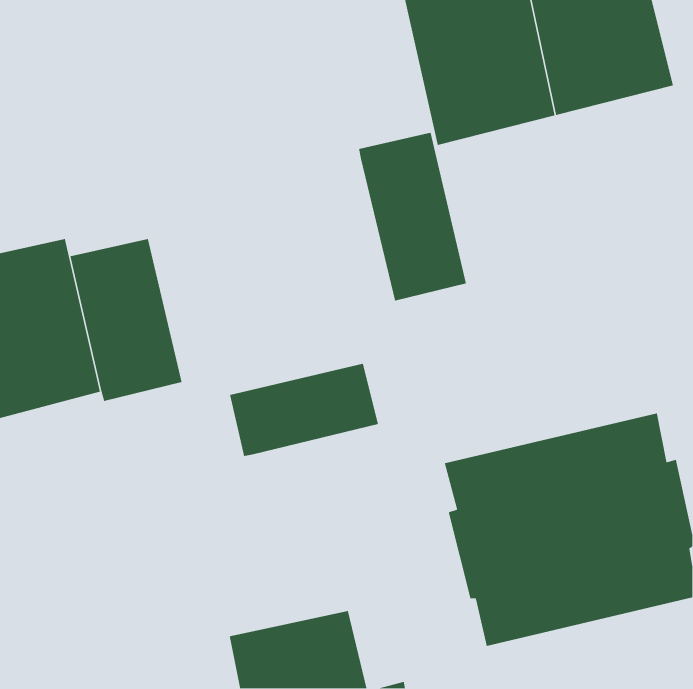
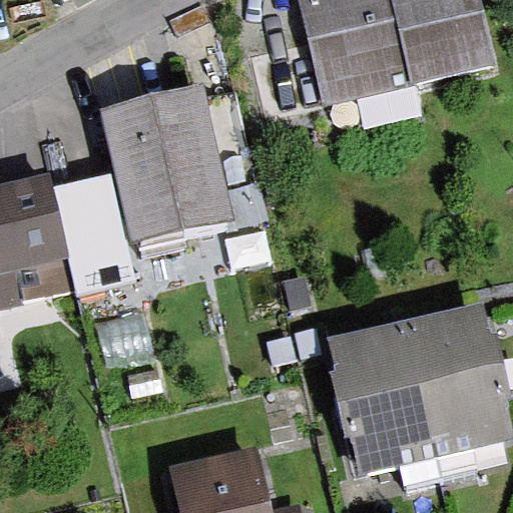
building: none -> [99,86,234,246]
building: [358,132,467,302] -> none
building: [229,363,379,457] -> none

